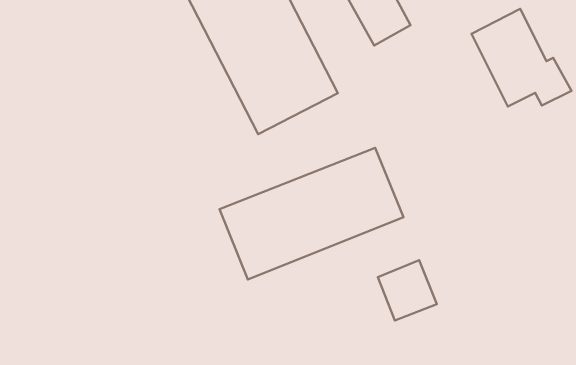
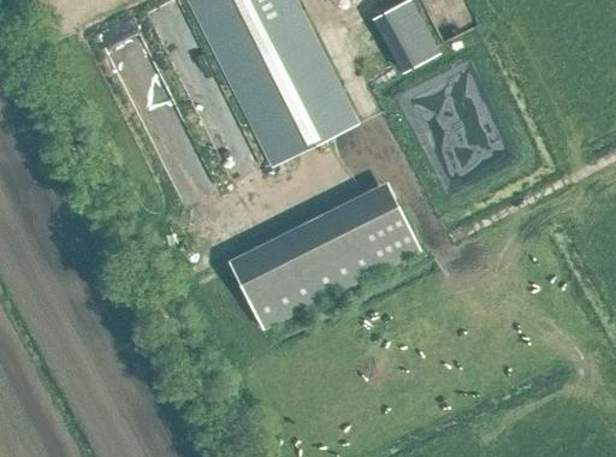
building: [471,9,571,107] -> [404,65,510,168]
building: [378,260,437,321] -> none

